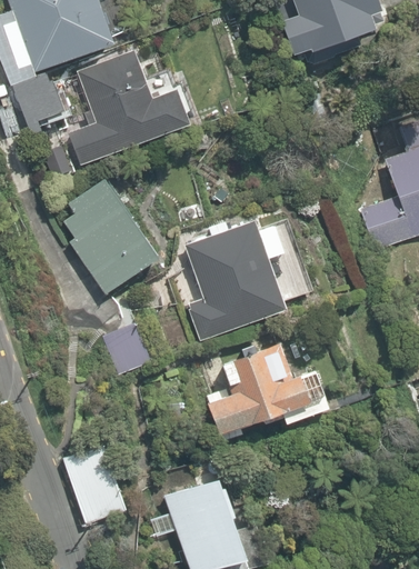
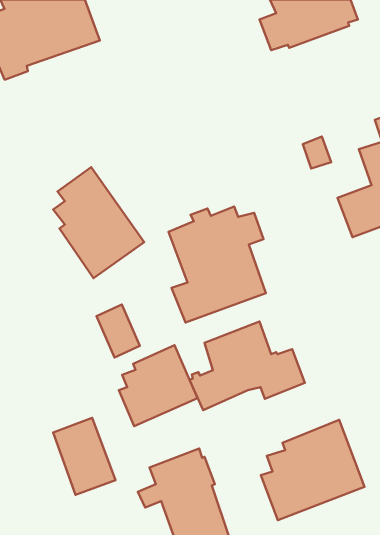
building: [70,51,189,166] -> none
building: [13,72,64,136] -> none
building: none -> [119,345,198,426]
building: none -> [261,420,365,520]

